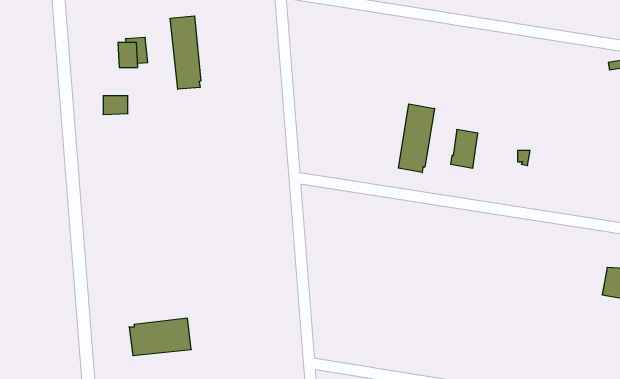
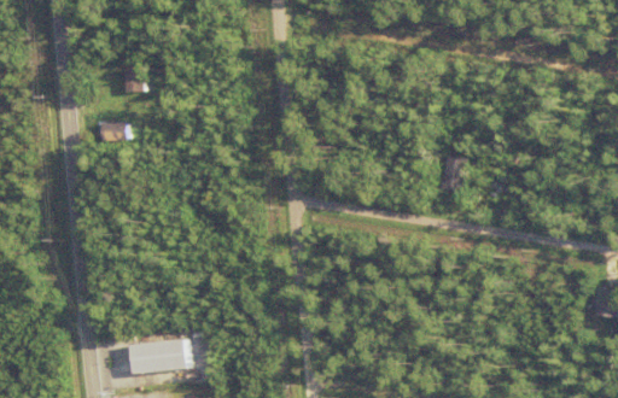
building: [170,16,201,89] -> none
building: [399,104,435,173] -> none

